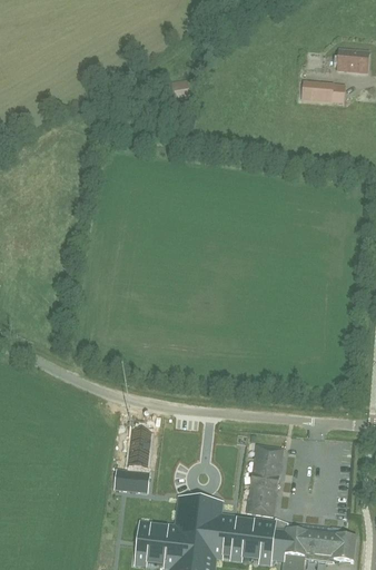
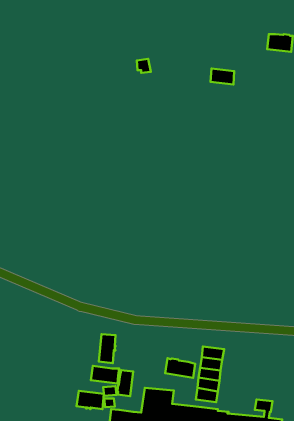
building: [304,82,334,102] -> [211,69,234,84]
building: none -> [165,358,195,378]
building: none -> [118,370,133,396]
building: none -> [77,391,104,409]

